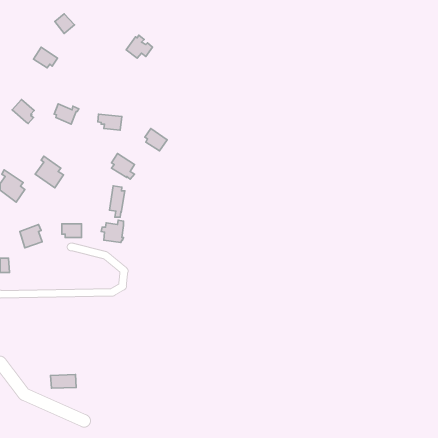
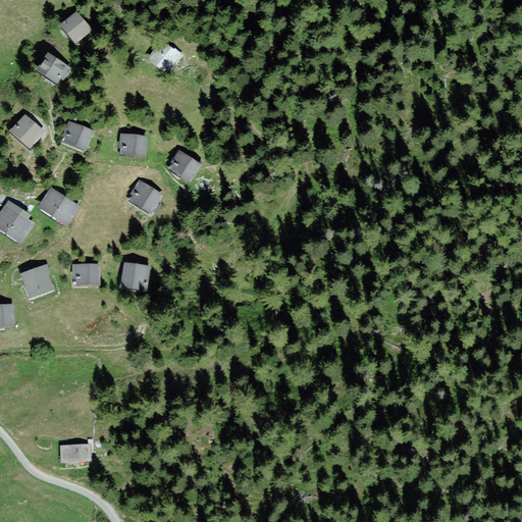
building: [110,186,125,217] -> none

